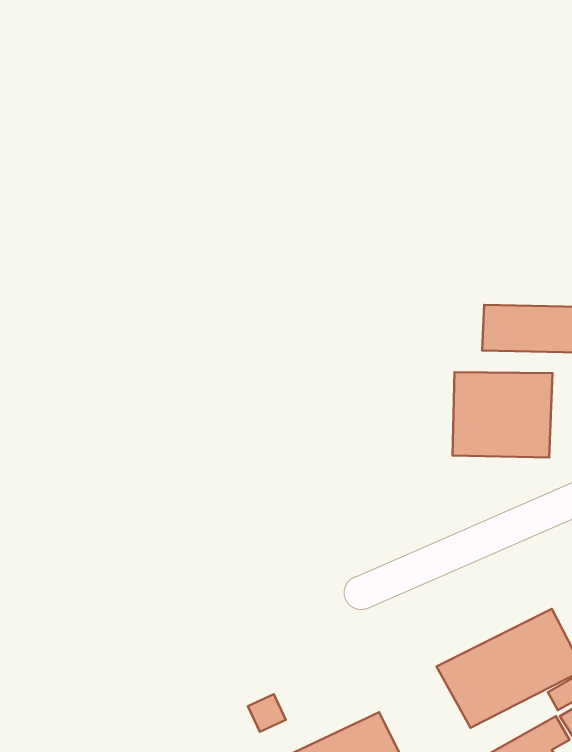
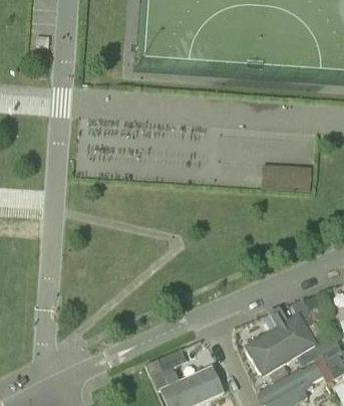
building: [452,372,553,457] -> none

